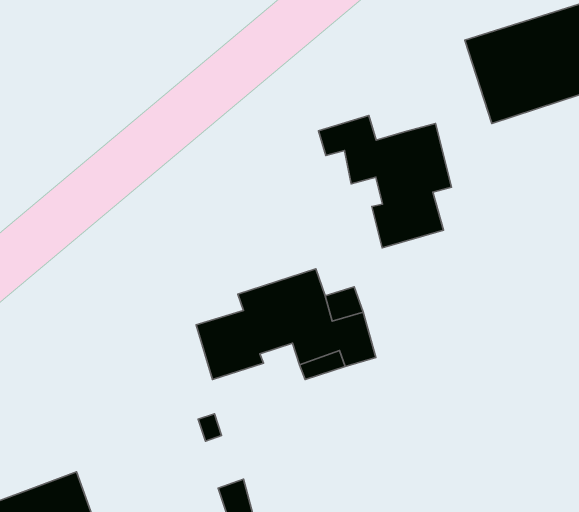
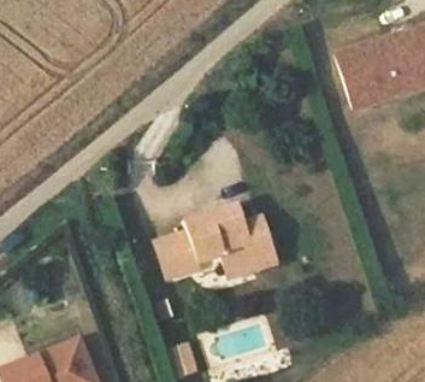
building: [319,116,452,248] -> none

